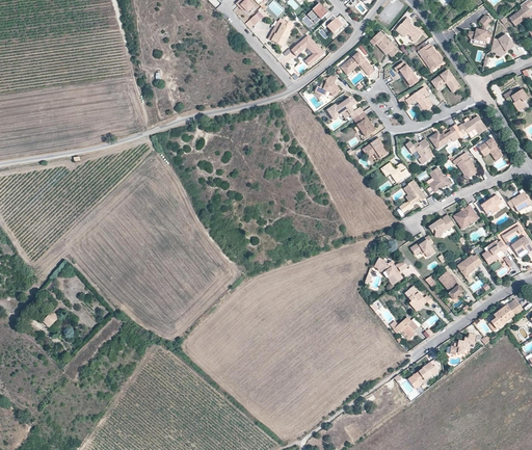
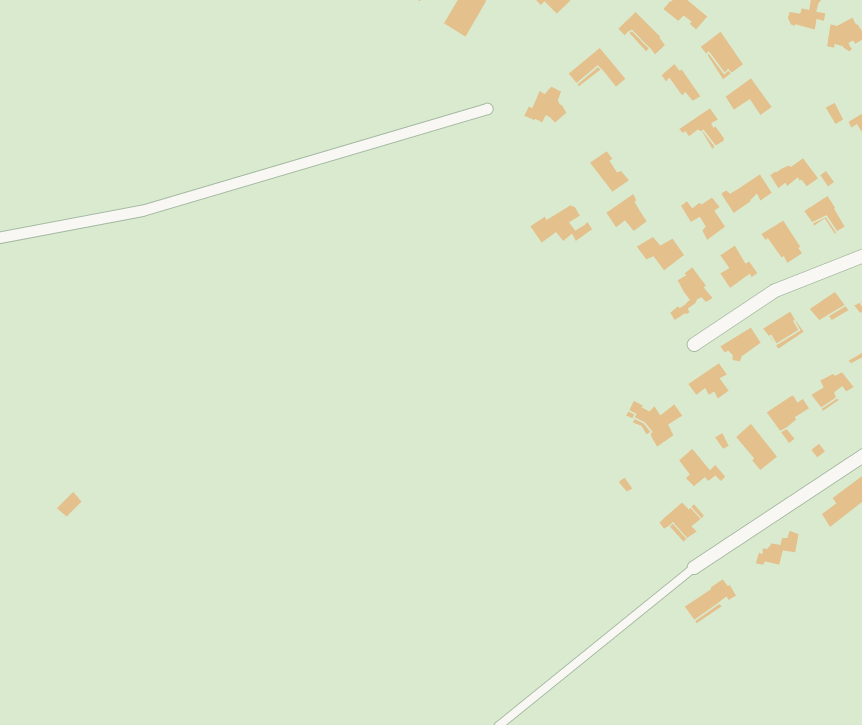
building: [291,35,324,67] -> none
building: [326,98,364,121] -> [529,205,593,244]

